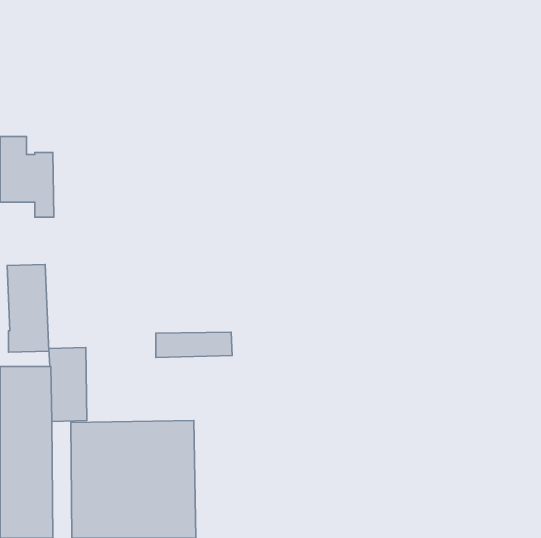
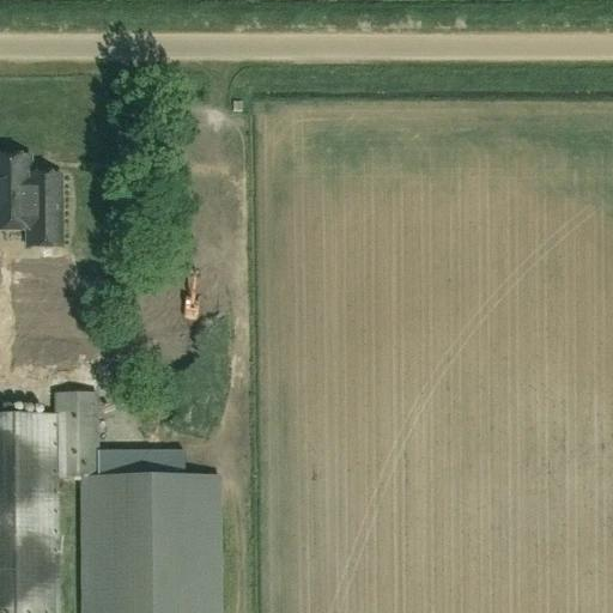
building: [7,265,49,352] -> none
building: [156,332,232,358] -> [98,449,184,478]

